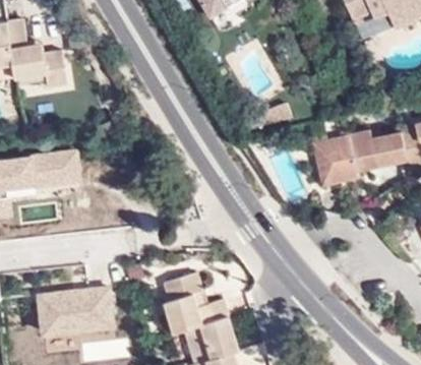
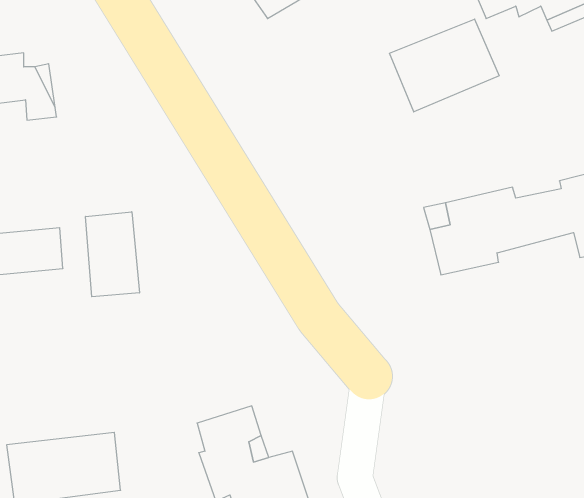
building: none -> [390,19,499,112]
building: none -> [86,212,139,297]

